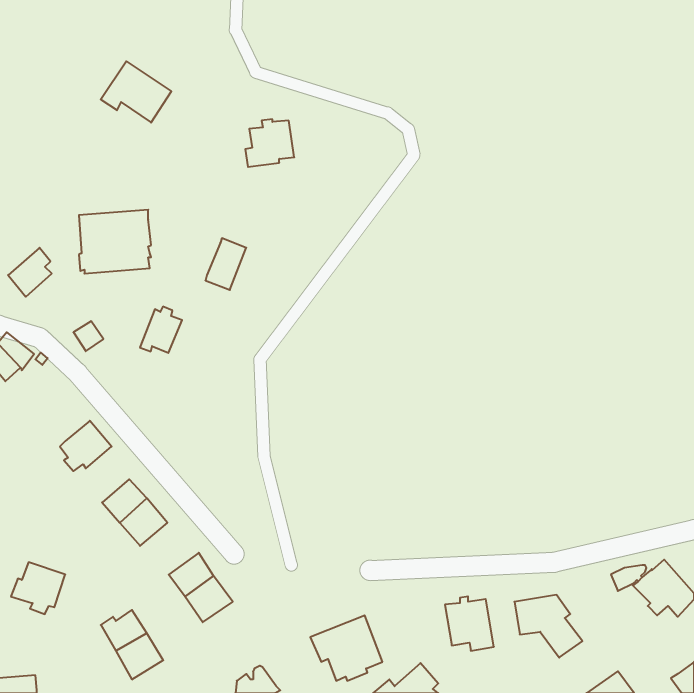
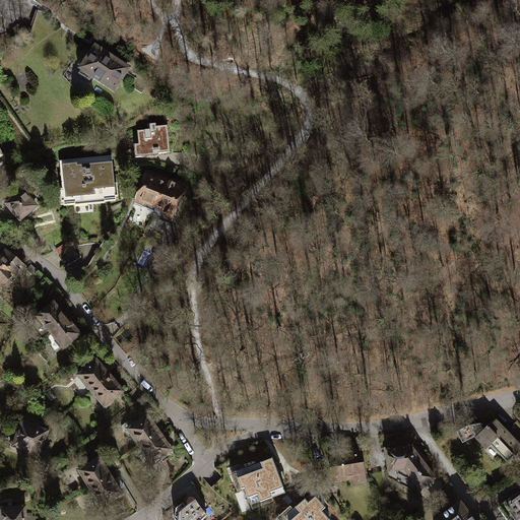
building: [245,119,294,167] -> [133,124,170,159]
building: [140,307,182,353] -> [133,171,165,205]
building: none -> [37,299,67,329]

